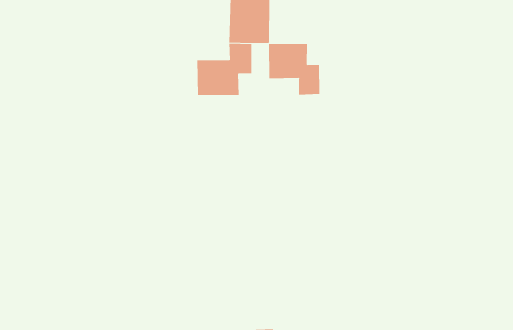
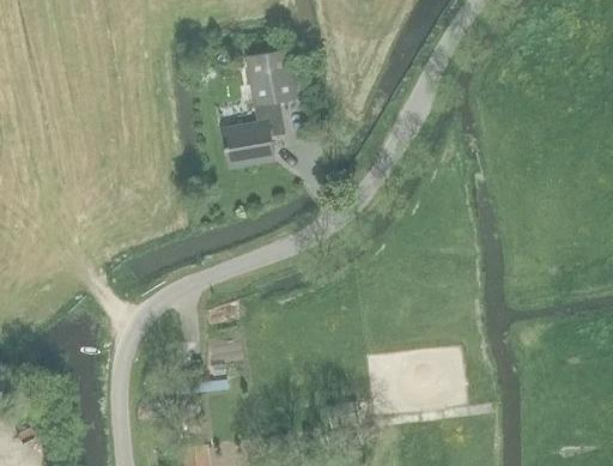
building: [269,43,320,96] -> none

